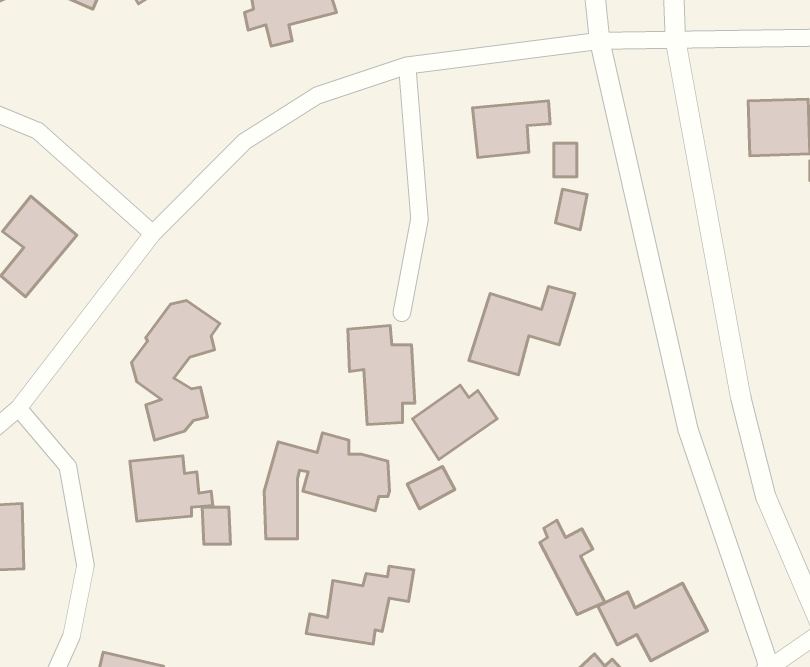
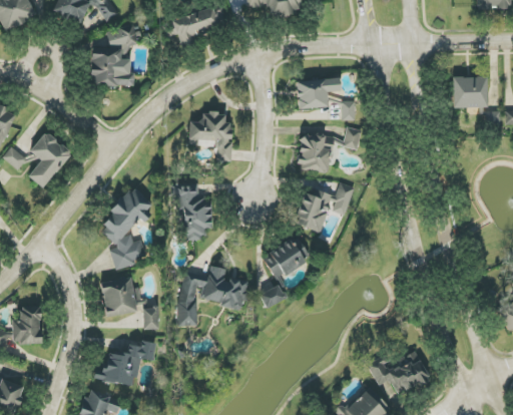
building: none -> [90,28,139,86]
building: none -> [188,112,231,161]
building: none -> [298,133,334,172]
building: [348,325,415,424] -> [173,184,211,241]
building: [540,520,605,614] -> none
building: [306,566,414,644] -> [94,341,155,385]

